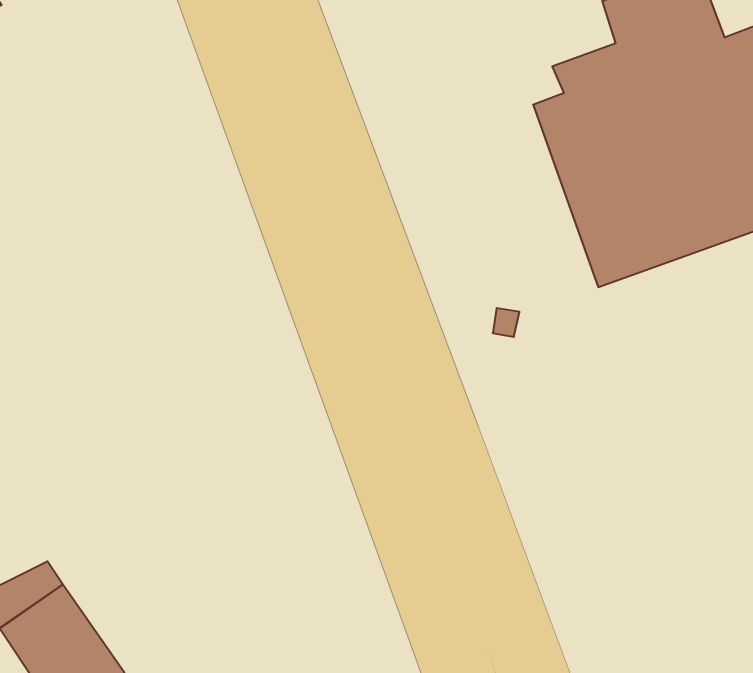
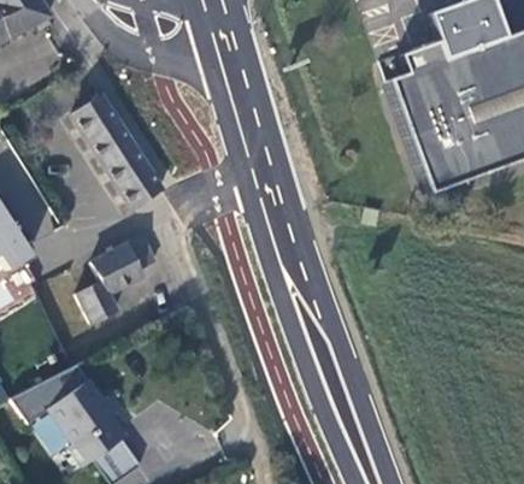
building: none -> [72,95,163,208]
building: none -> [77,235,155,323]

